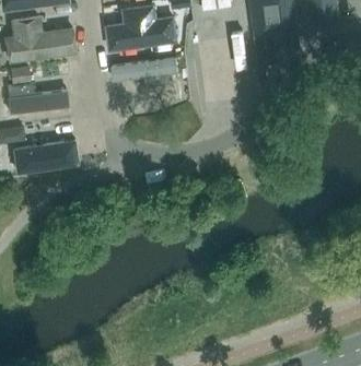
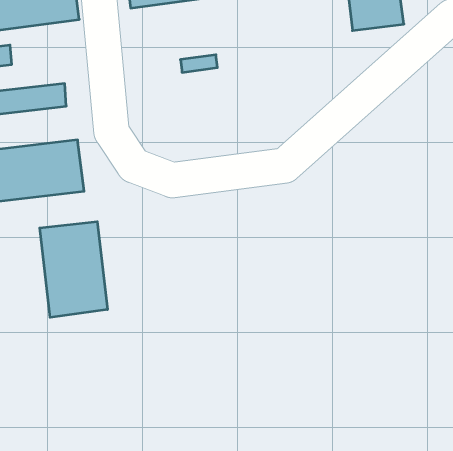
building: none -> [40,222,107,317]

